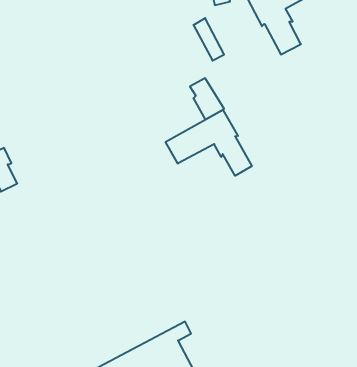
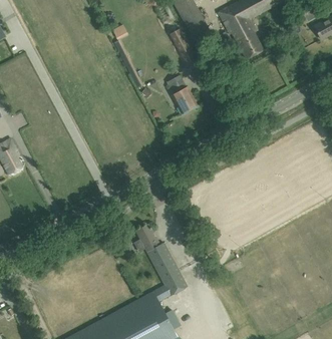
building: [166,110,252,176] -> none
building: none -> [134,224,188,296]

